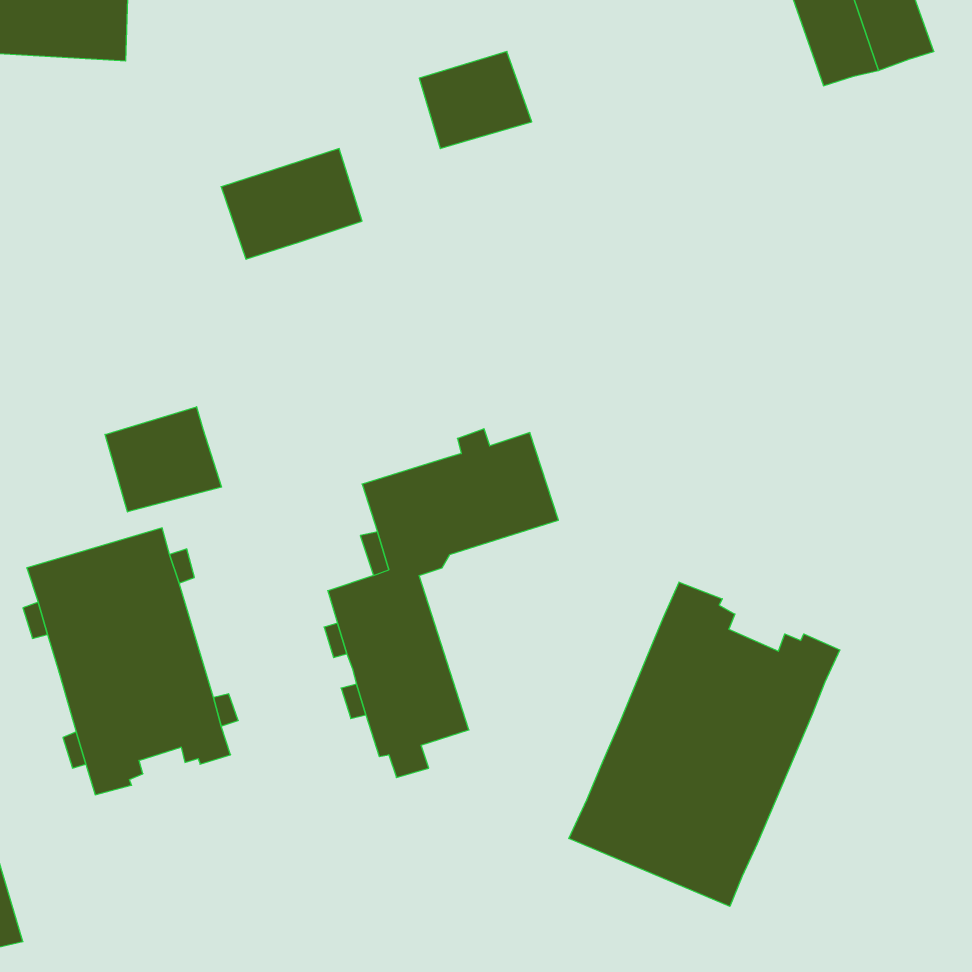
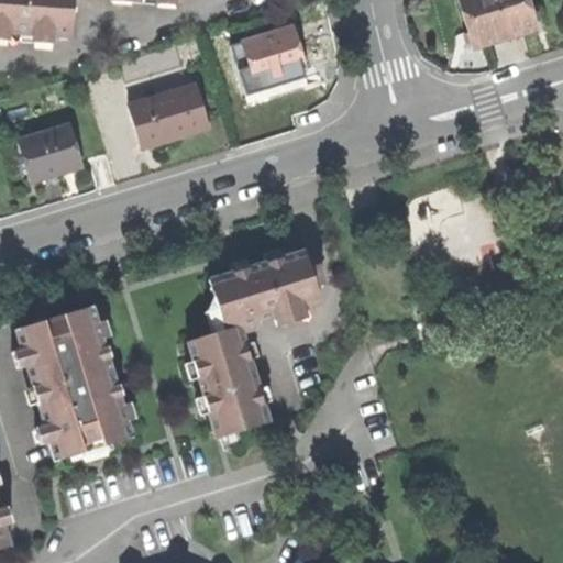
building: none -> [24,125,84,180]
building: [105,407,221,512] -> none
building: [569,582,840,906] -> none

